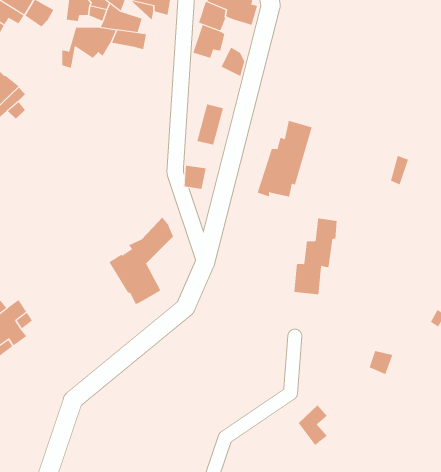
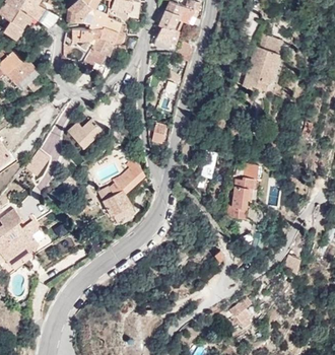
building: none -> [82,39,114,70]
building: [257,120,312,197] -> [242,36,281,90]
building: none -> [66,119,103,149]

